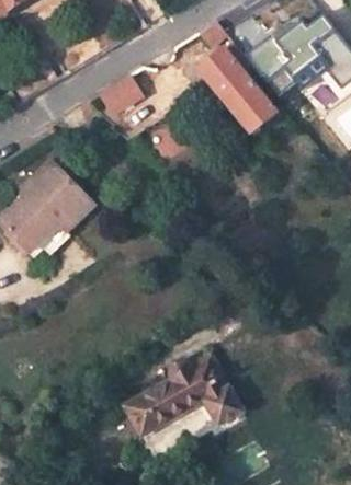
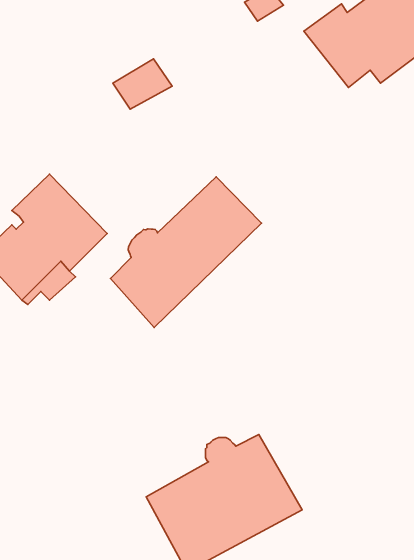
building: [194,44,274,130] -> none
building: none -> [110,177,261,328]

